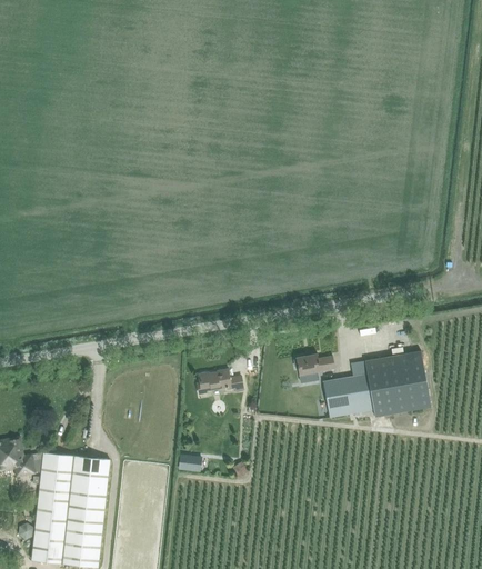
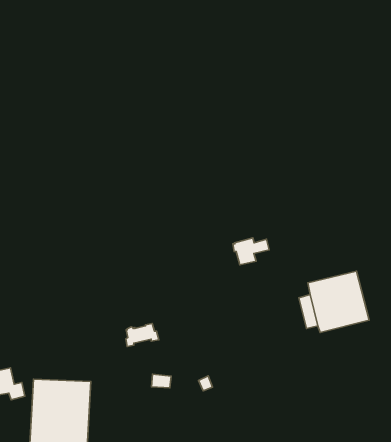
building: [293,353,334,383] -> [233,238,269,265]
building: [197,369,234,393] -> [126,324,159,346]
building: [323,377,359,418] -> none

